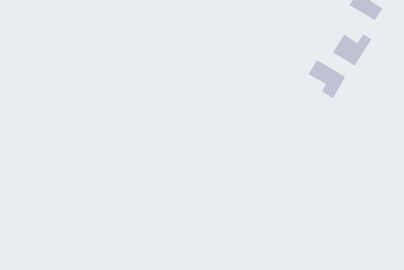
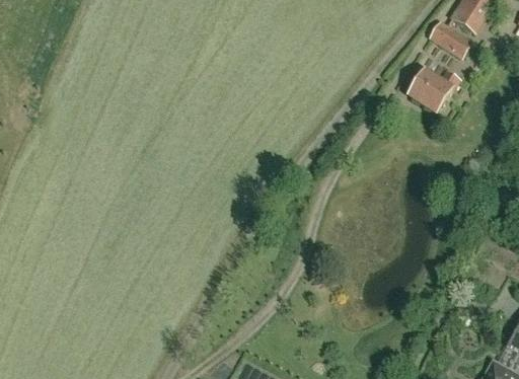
building: [308,59,346,99] -> none

